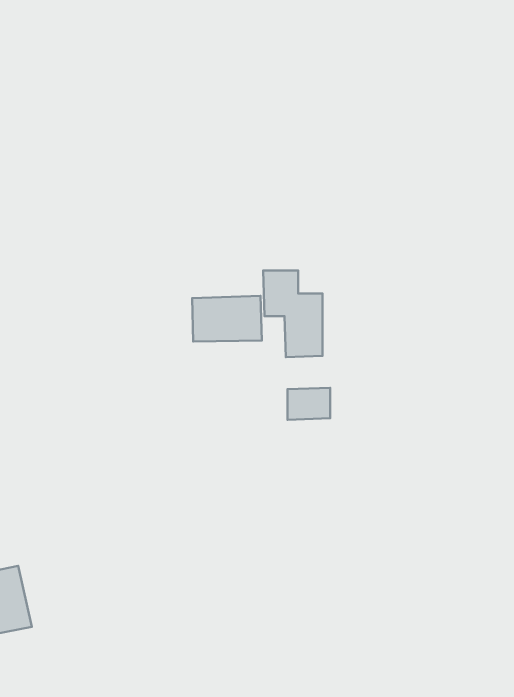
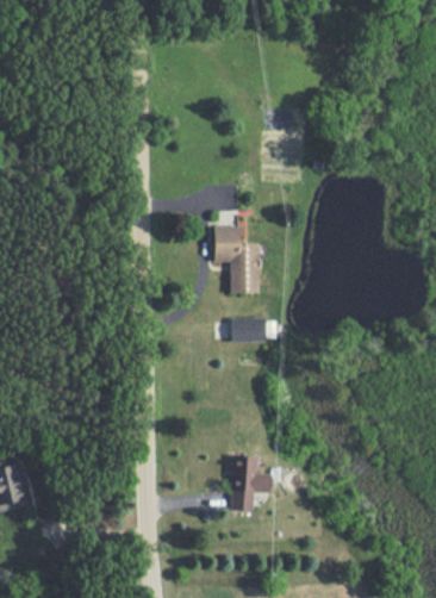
building: [192,296,262,341] -> none
building: none -> [231,456,272,511]

